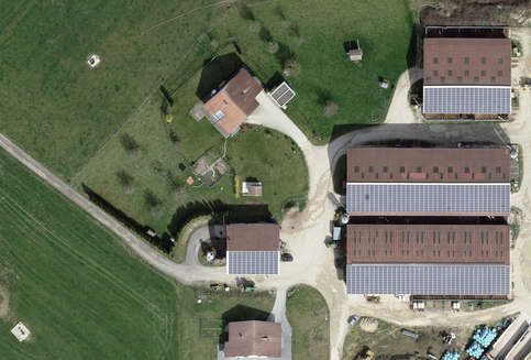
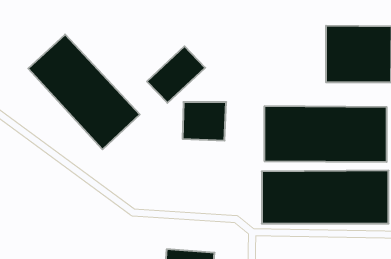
building: none -> [28,34,140,149]
building: [221,225,277,274] -> [183,102,226,141]

